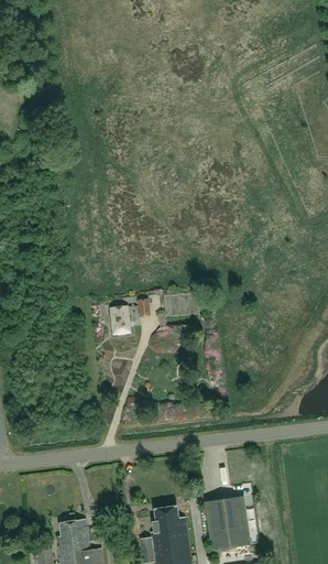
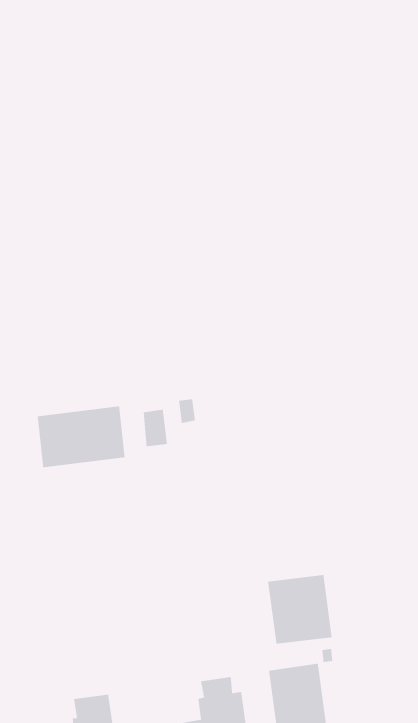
building: none -> [37,406,125,468]
building: none -> [267,574,333,645]

